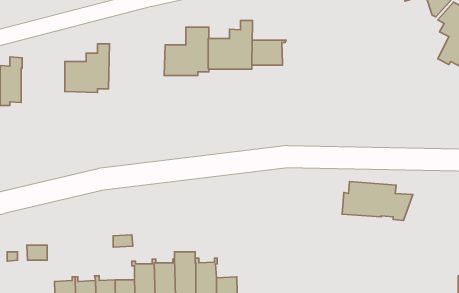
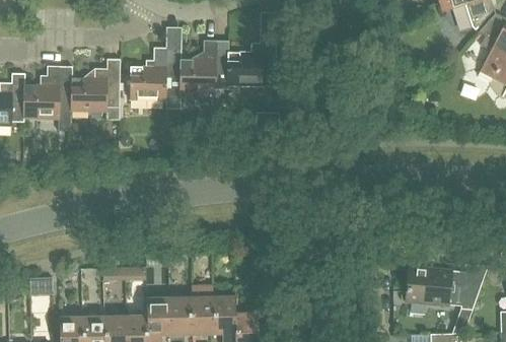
building: none -> [129,48,180,100]
building: [252,40,286,65] -> none
building: none -> [23,66,72,131]
building: [342,181,413,221] -> [406,267,483,310]

